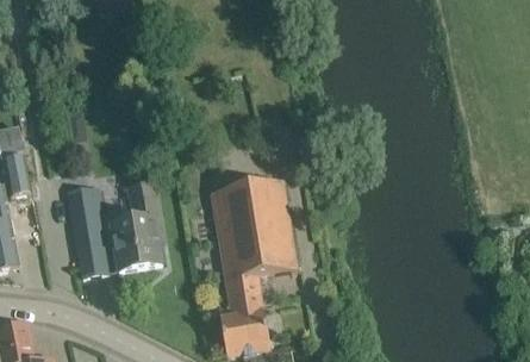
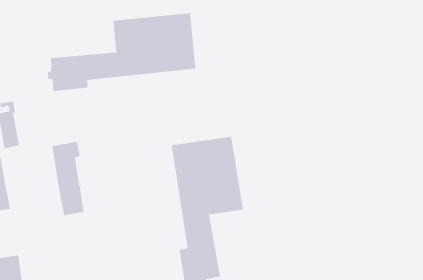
building: none -> [48,13,196,92]
building: [110,183,161,269] -> none

